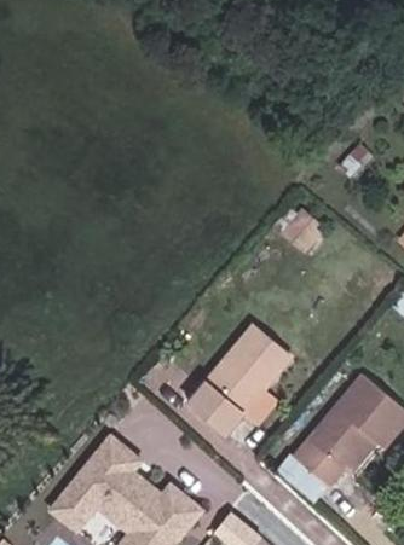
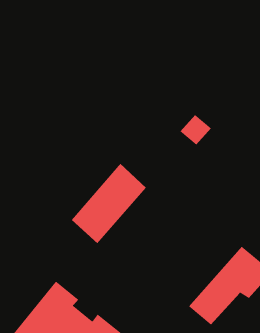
building: [189,332,295,446] -> [71,163,147,244]

